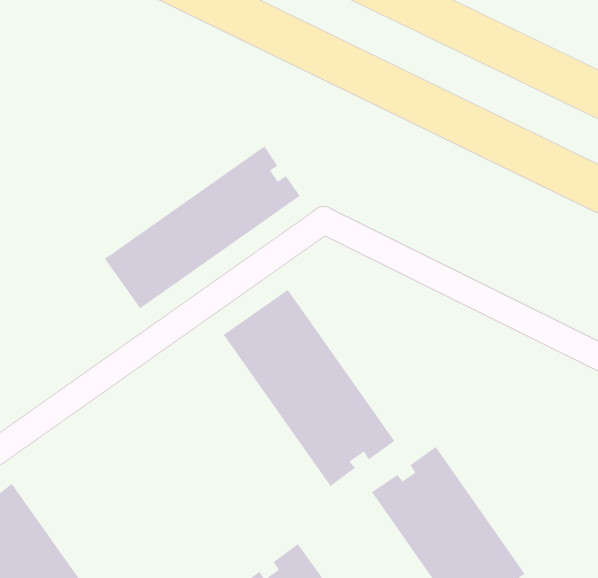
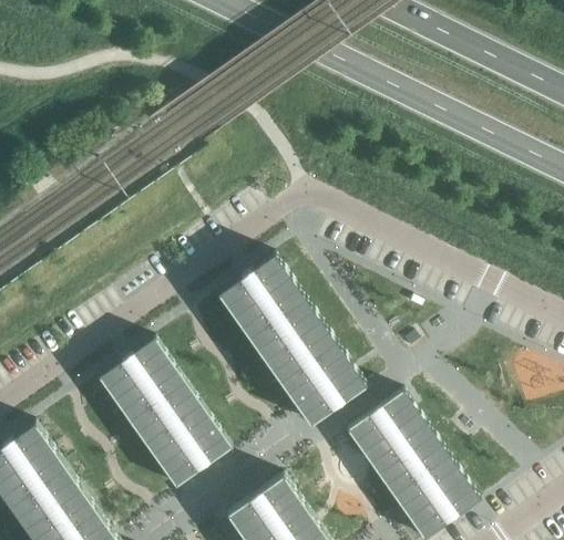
building: [104,145,300,309] -> none
building: none -> [99,340,233,490]

